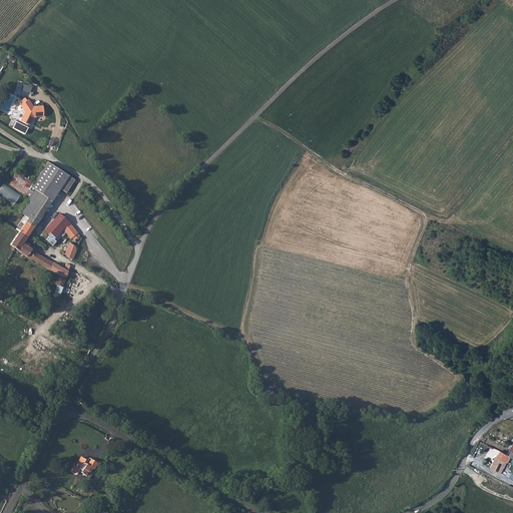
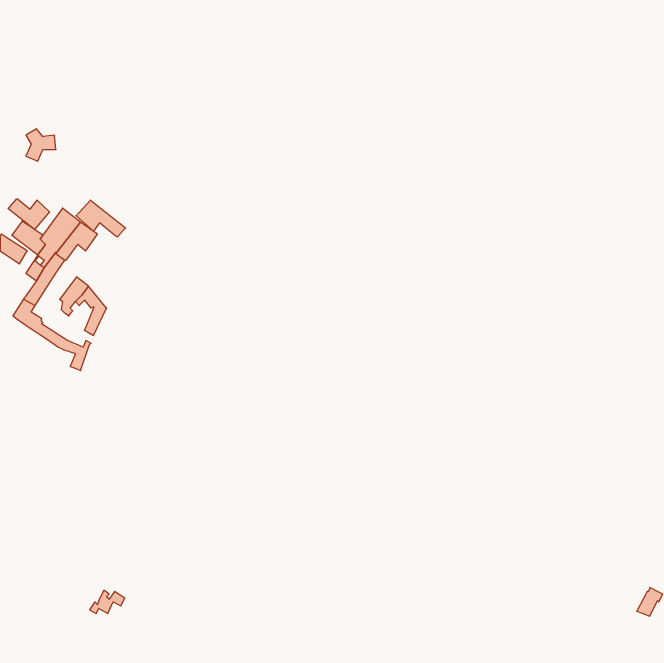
building: none -> [8,199,50,229]
building: none -> [76,200,126,237]

